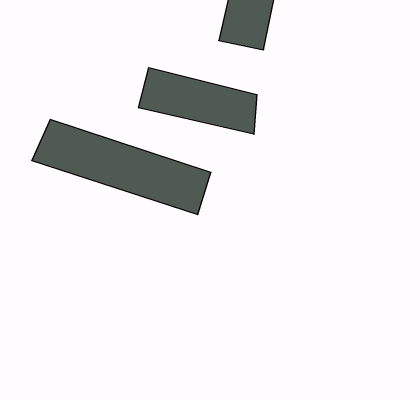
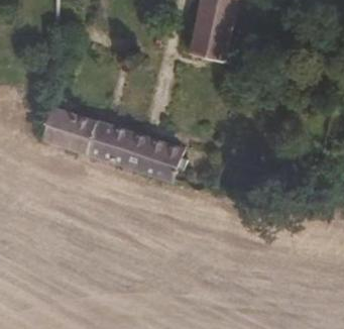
building: [139,68,257,134] -> none

